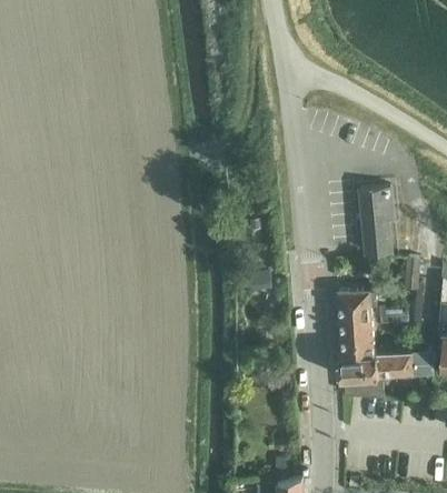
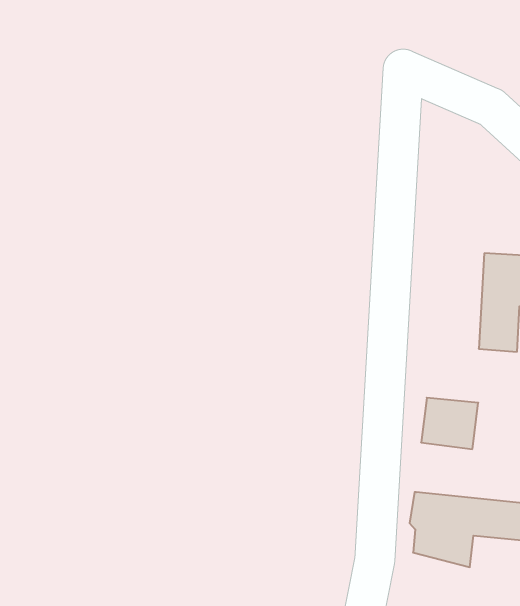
building: [339,320,376,354] -> none

